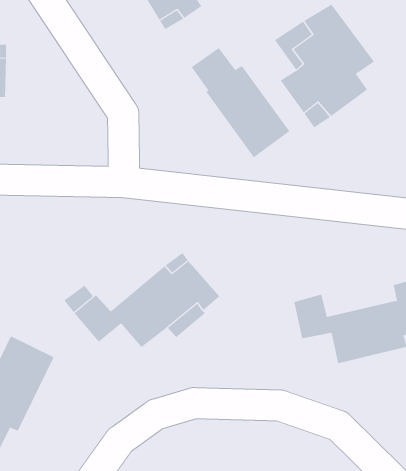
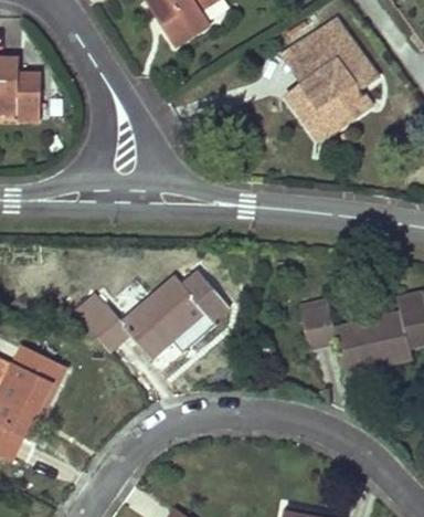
building: [191,47,290,158] -> none
building: none -> [18,74,41,120]

